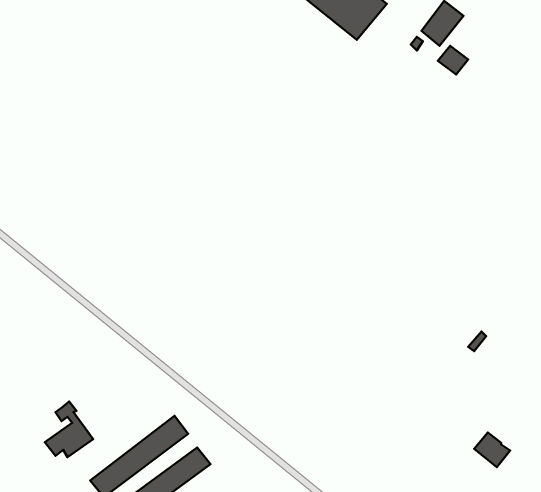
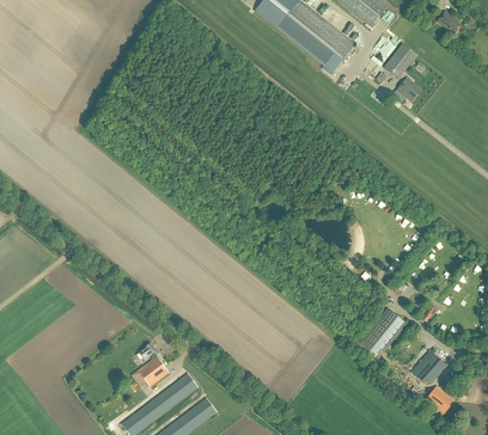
building: none -> [355,306,405,360]
building: none -> [409,348,446,381]
building: [45,402,93,457] -> [130,342,169,386]

